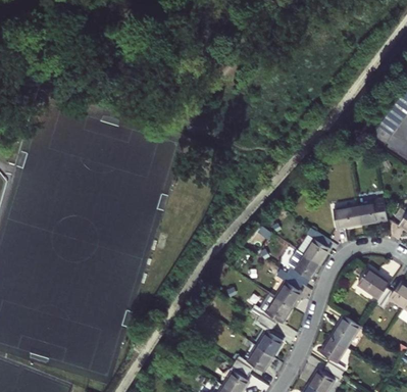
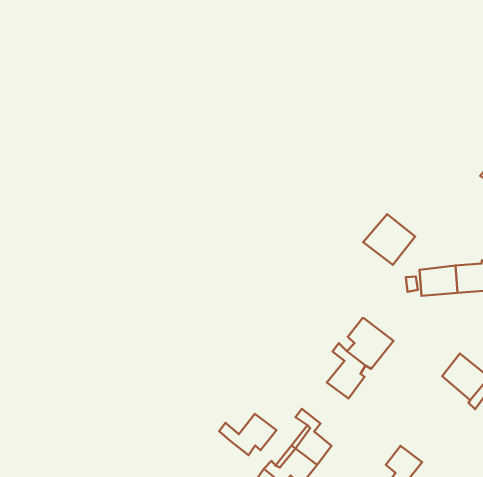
building: [298,228,335,263] -> [363,214,415,265]
building: [251,297,292,327] -> [219,414,276,455]
building: [332,316,361,348] -> none

